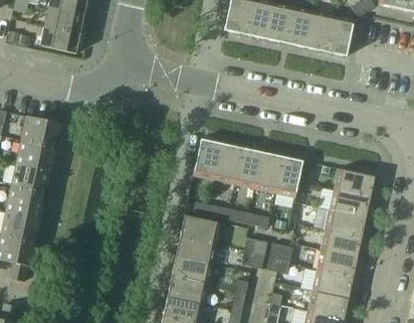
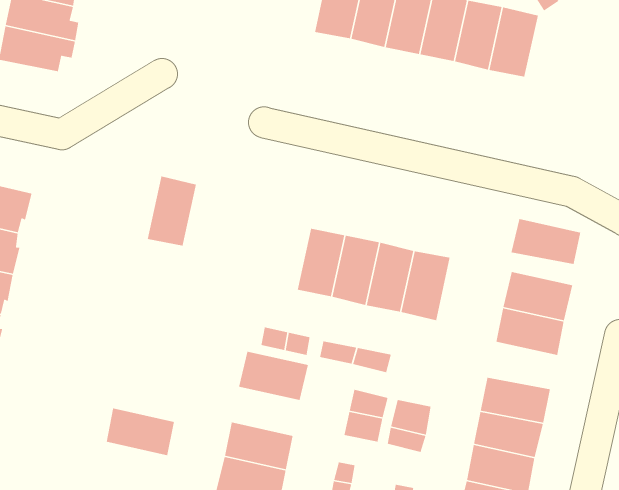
building: [193,139,222,180] -> [147,175,197,246]
building: [325,210,366,237] -> [510,218,581,265]
building: [176,236,216,265] -> [106,408,175,456]

